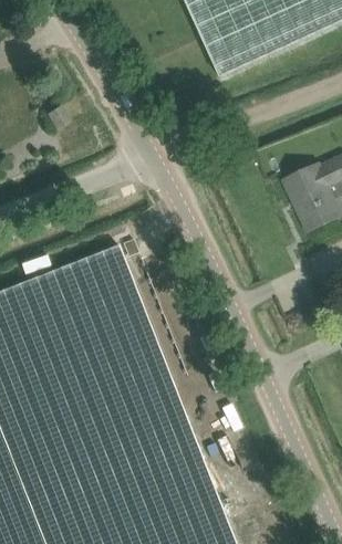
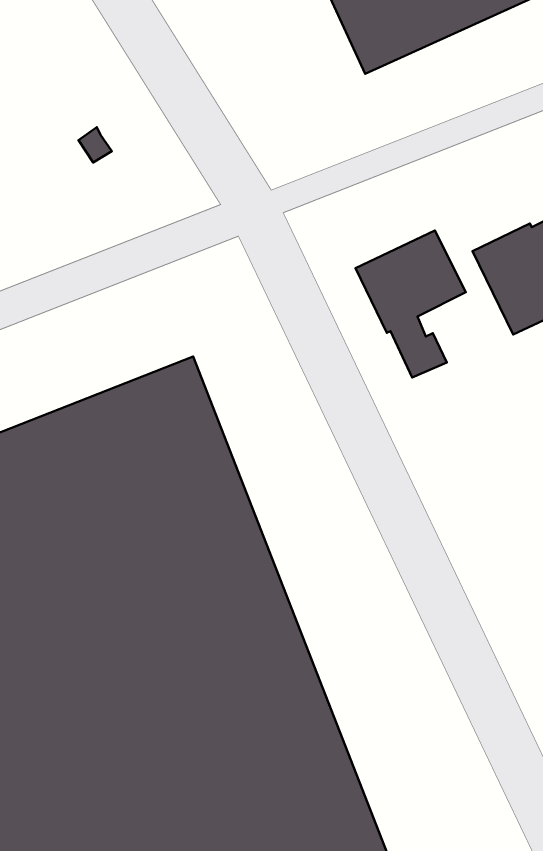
building: none -> [356,230,466,378]

